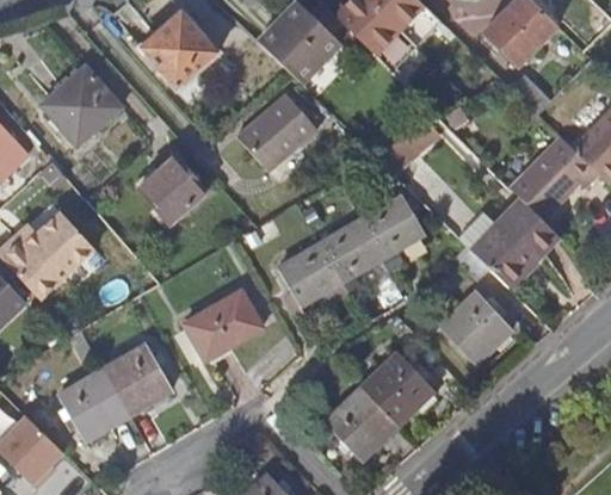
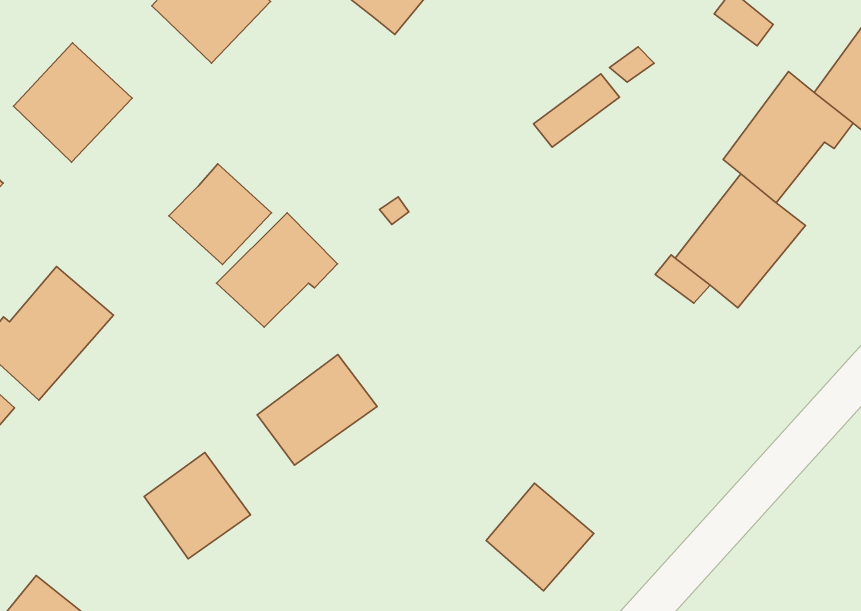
building: [236,93,317,167] -> [216,213,337,327]
building: [278,197,425,305] -> none
building: [442,292,513,364] -> none
building: [363,353,434,425] -> none
building: [60,371,129,440] -> none

